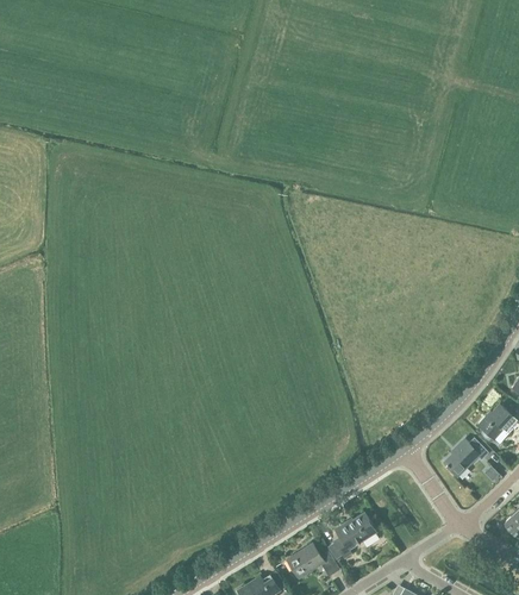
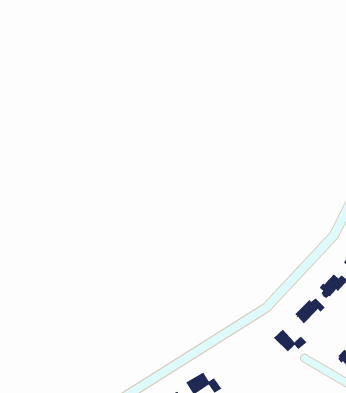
building: none -> [273,329,308,352]
building: [334,513,376,557] -> none

